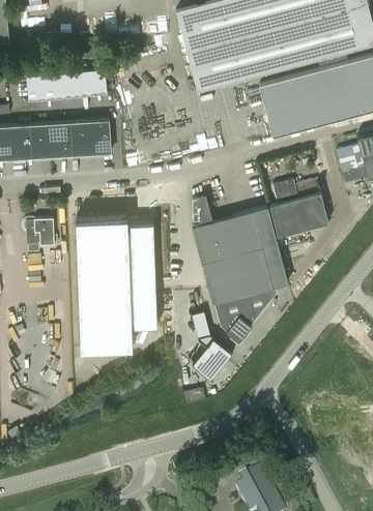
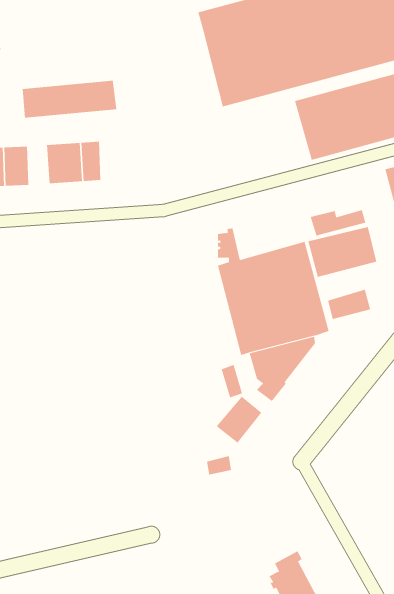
building: [93,120,112,154] -> none
building: [32,124,50,158] -> none
building: [25,219,54,246] -> none
building: [77,220,157,350] -> none
building: none -> [327,289,371,320]

